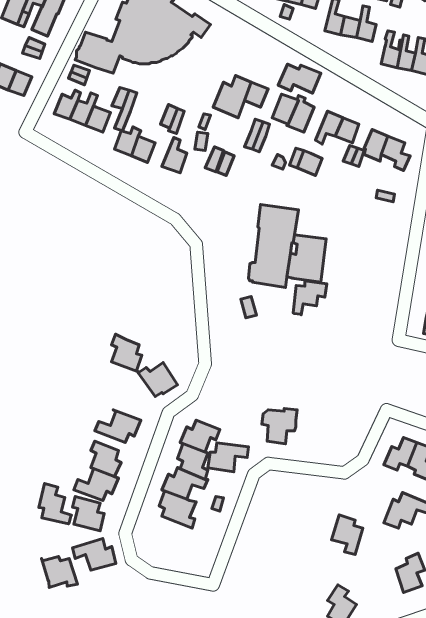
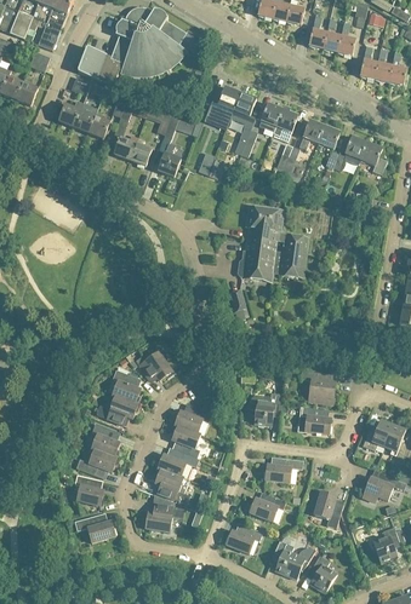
building: [278,64,321,93] -> none
building: [293,281,327,315] -> none
building: [112,334,142,372] -> [113,368,141,403]
building: none -> [301,369,336,403]
building: none -> [301,405,331,432]
building: [208,443,248,472] -> [266,455,303,482]
building: [39,484,72,524] -> none
building: none -> [250,491,286,519]
building: none -> [145,502,185,530]
building: none -> [227,522,263,552]
building: [42,556,77,587] -> none
building: none -> [274,540,316,580]

